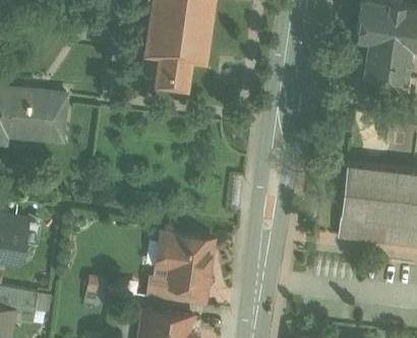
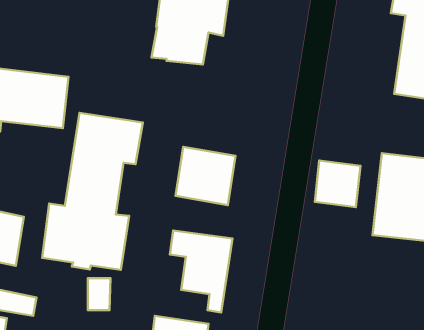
building: none -> [42,113,143,270]
building: none -> [176,147,236,205]
building: none -> [315,161,360,207]
building: [148,280,193,306] -> none

